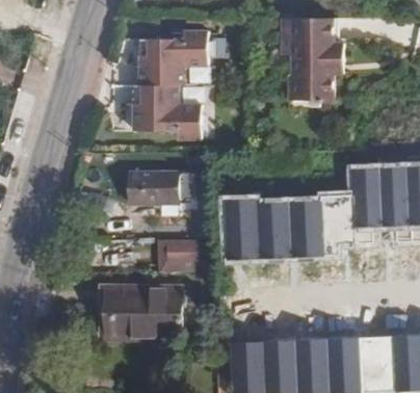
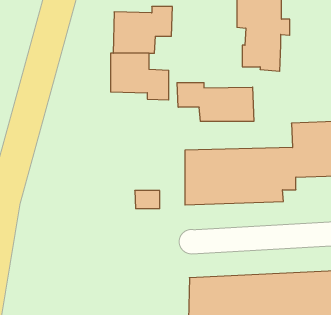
building: none -> [177,83,254,121]
building: [126,174,177,204] -> none
building: [93,287,182,339] -> none

